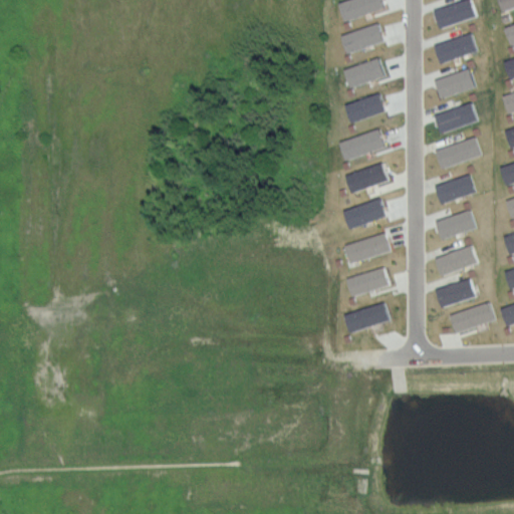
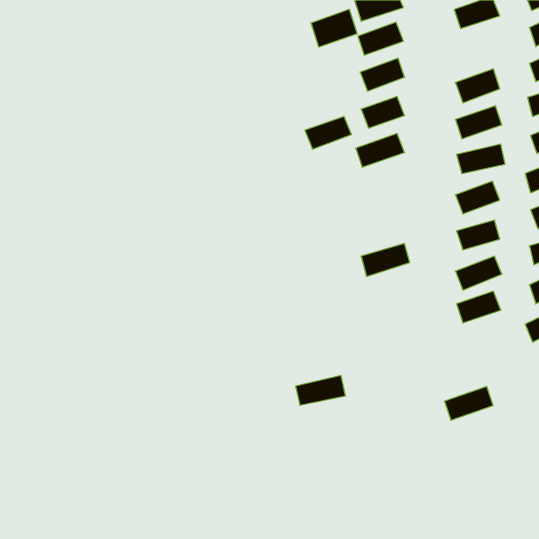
building: none -> [311,9,357,47]
building: [434,33,478,63] -> none
building: [344,163,389,194] -> [305,116,352,149]
building: [342,198,386,230] -> none
building: [346,267,391,296] -> none
building: [450,301,496,333] -> [444,386,493,420]
building: [343,303,391,331] -> [296,376,345,405]

